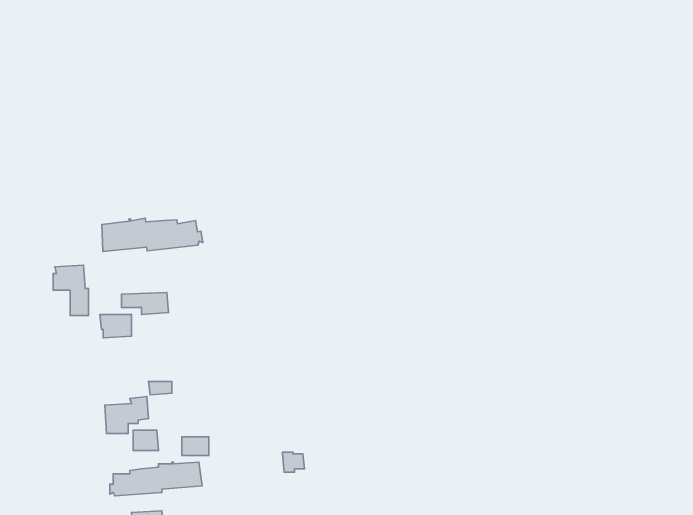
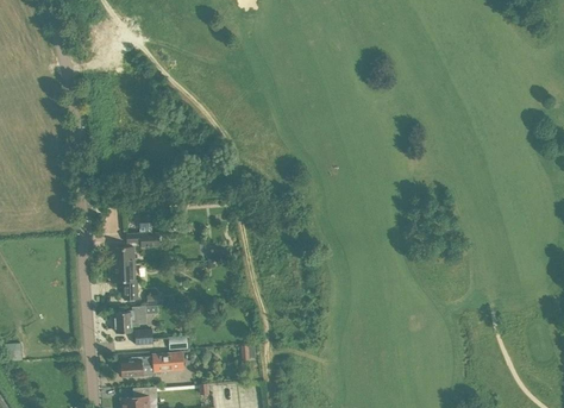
building: [102,218,203,252] -> none
building: [53,265,89,316] -> [112,263,137,299]

